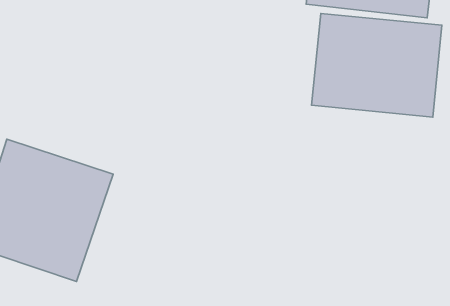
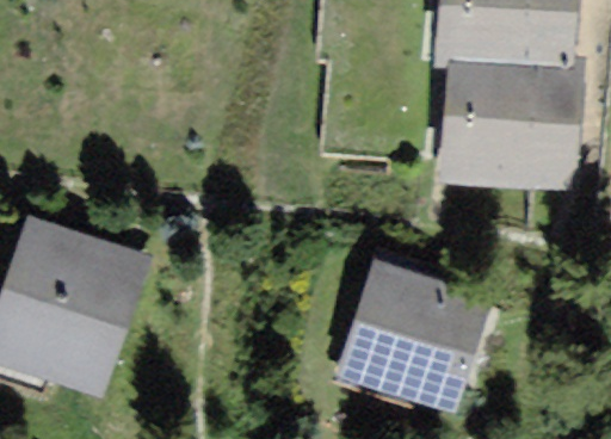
building: none -> [337,262,492,407]

